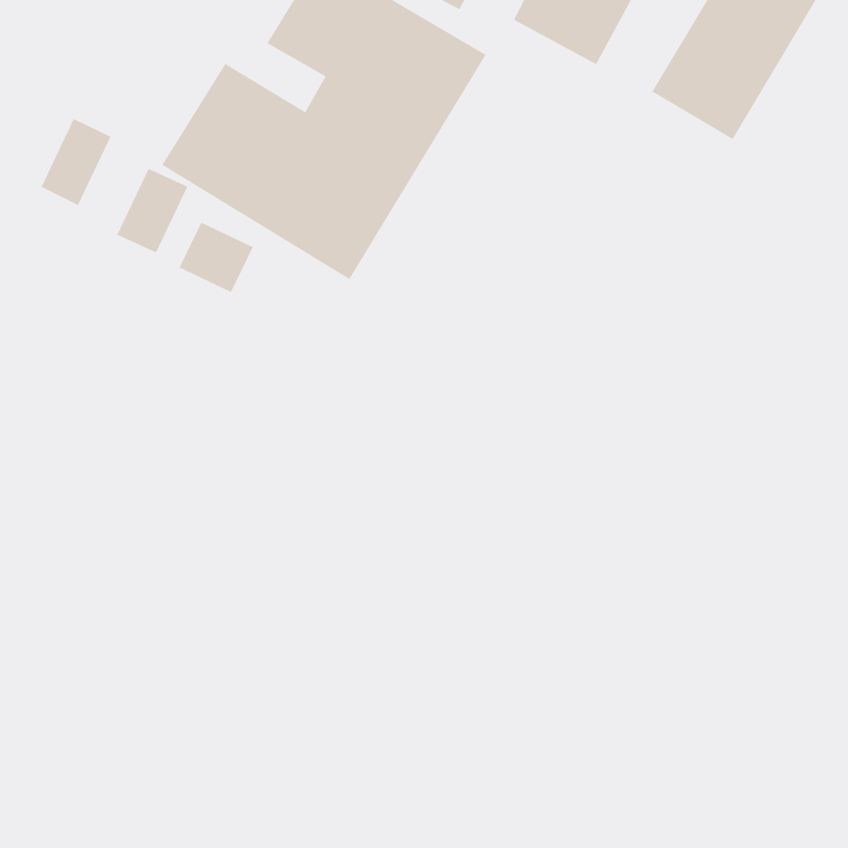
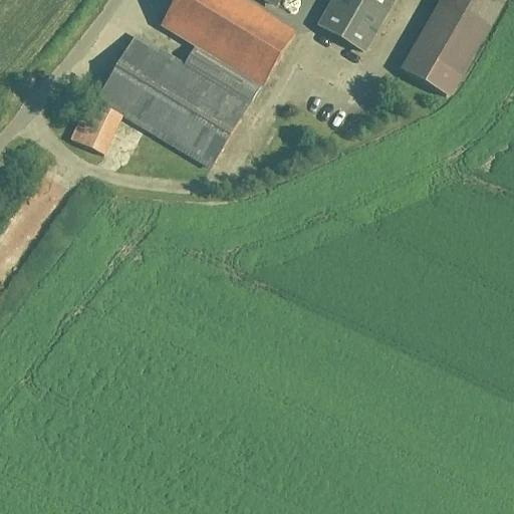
building: [41,118,111,206] -> none
building: [179,222,254,293] -> none

